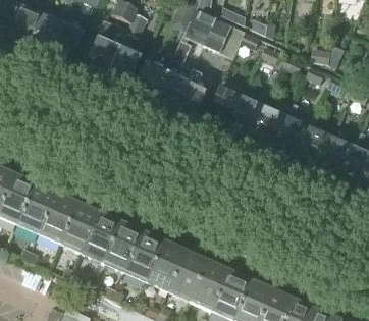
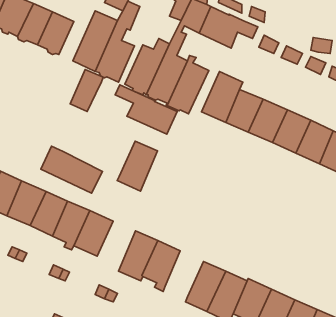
building: none -> [70,69,103,112]
building: none -> [115,85,177,134]
building: none -> [41,146,102,193]
building: [102,223,141,271] -> [117,141,157,191]
building: [169,252,206,296] -> none

